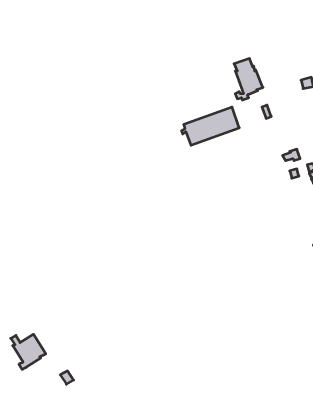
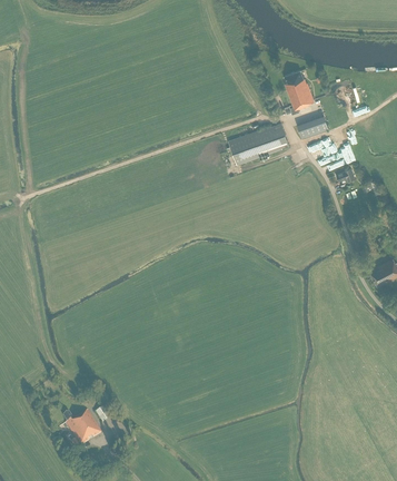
building: [11,334,46,369] -> [63,406,101,444]

